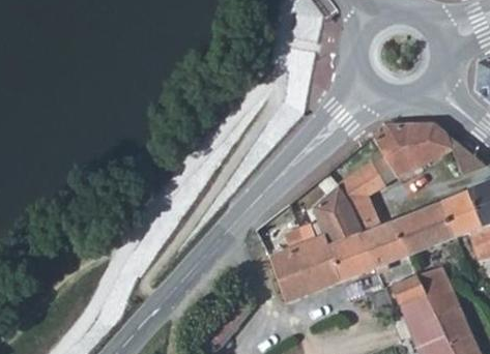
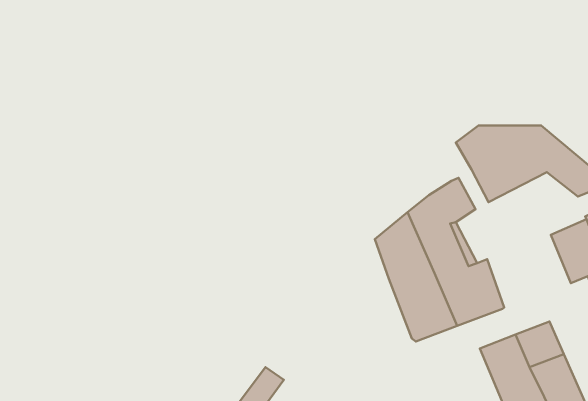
building: [396,202,457,255] -> none
building: [269,234,344,301] -> none

